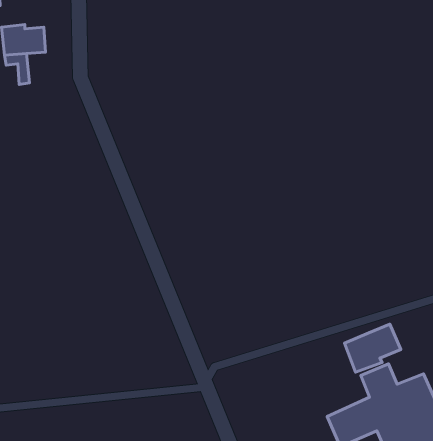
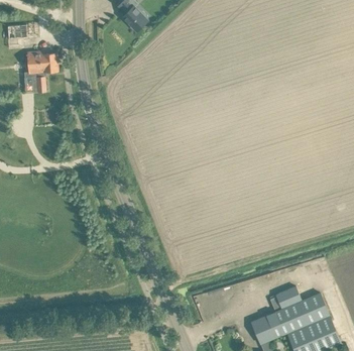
building: [345,324,401,372] -> none

